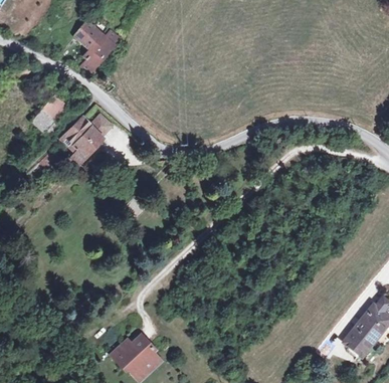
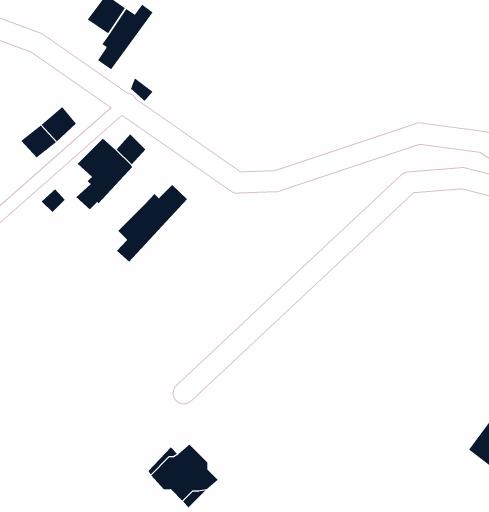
building: none -> [116,184,188,262]

